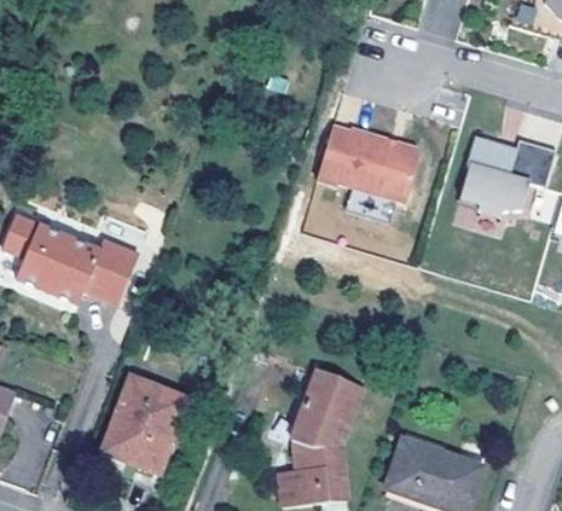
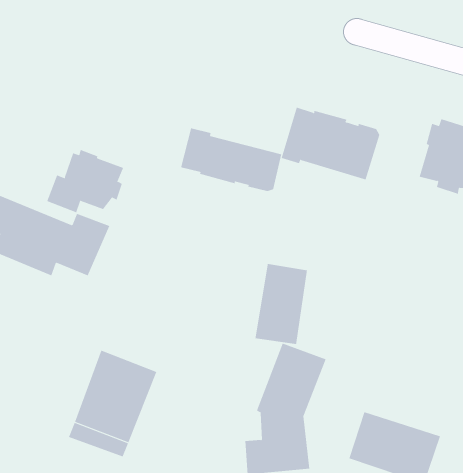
building: none -> [181,127,282,192]
building: none -> [46,149,124,213]
building: none -> [255,263,308,345]

